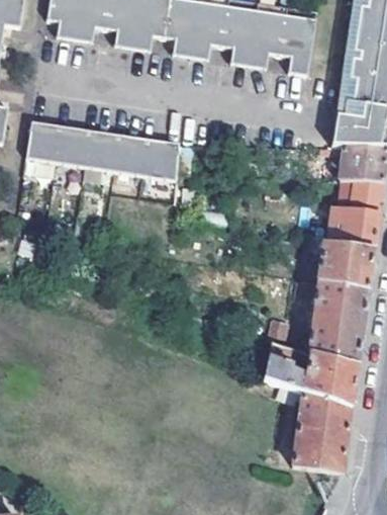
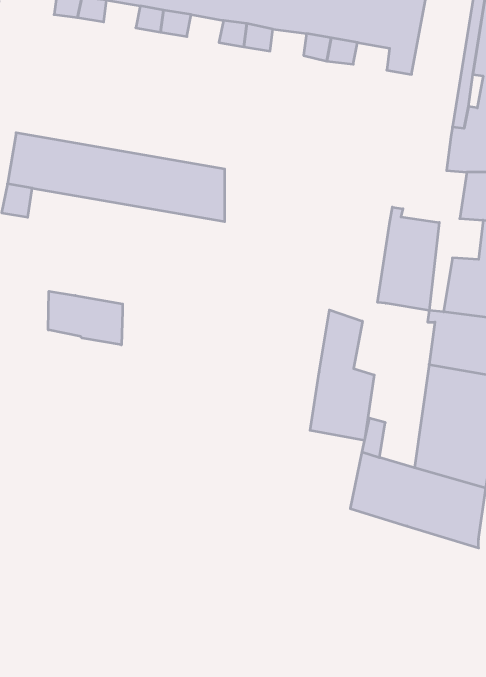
building: none -> [378,207,439,310]
building: none -> [48,291,123,345]
building: none -> [310,310,374,441]
building: [292,393,352,471] -> none

